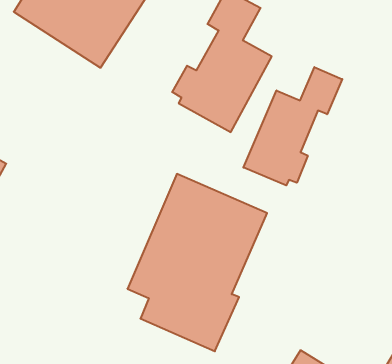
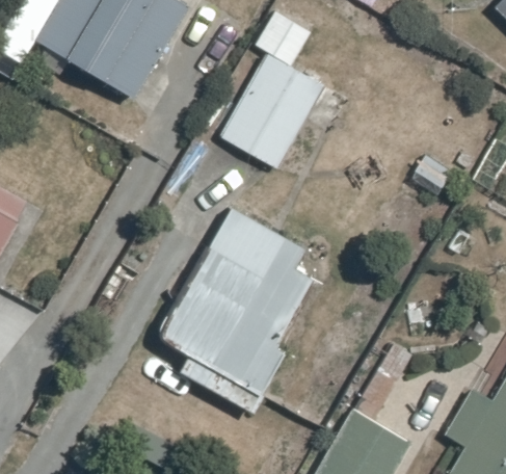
building: [243,67,342,185] -> none

